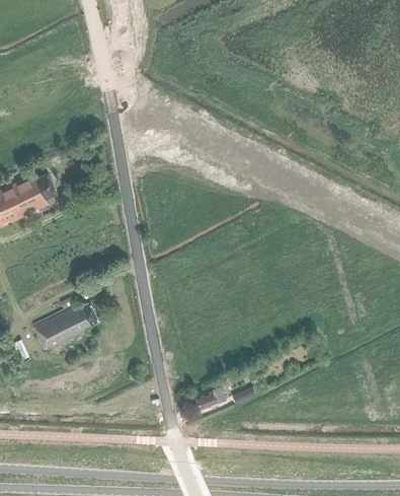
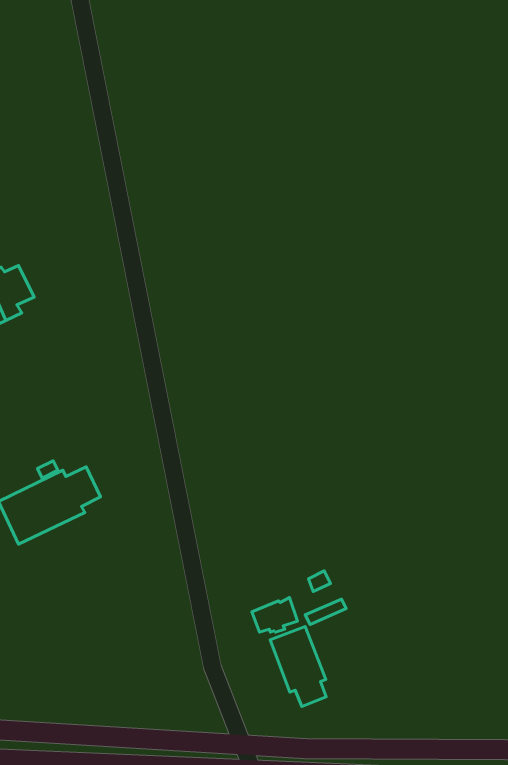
building: none -> [270,626,326,707]

